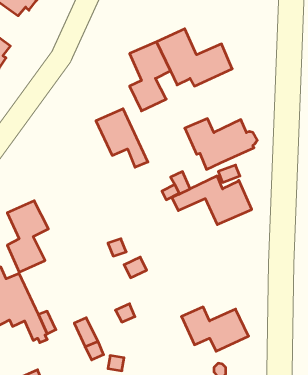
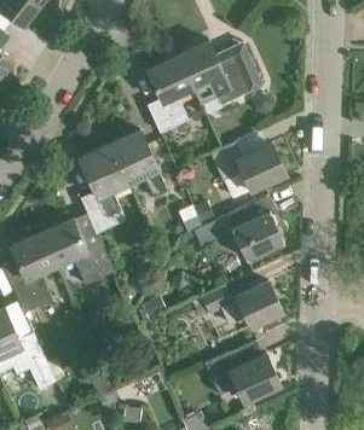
building: none -> [80,144,128,232]
building: none -> [41,219,114,285]
building: none -> [191,281,283,327]

